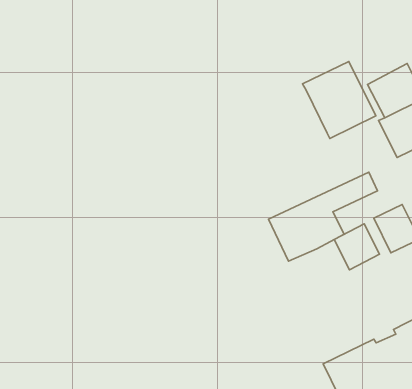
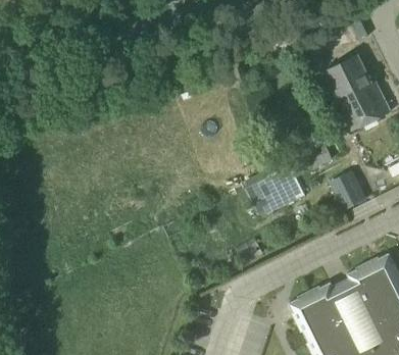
building: [303,61,376,139] -> none
building: [334,224,379,270] -> none

